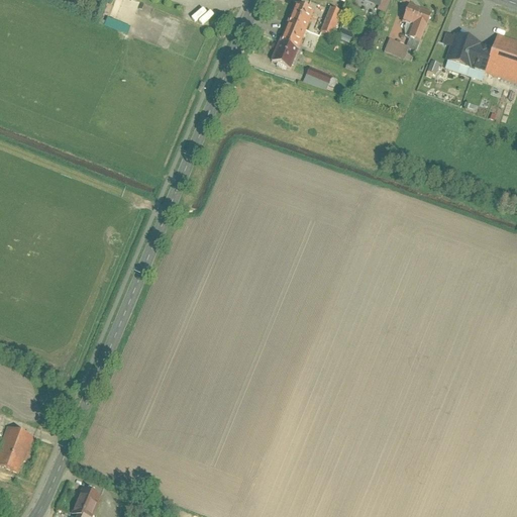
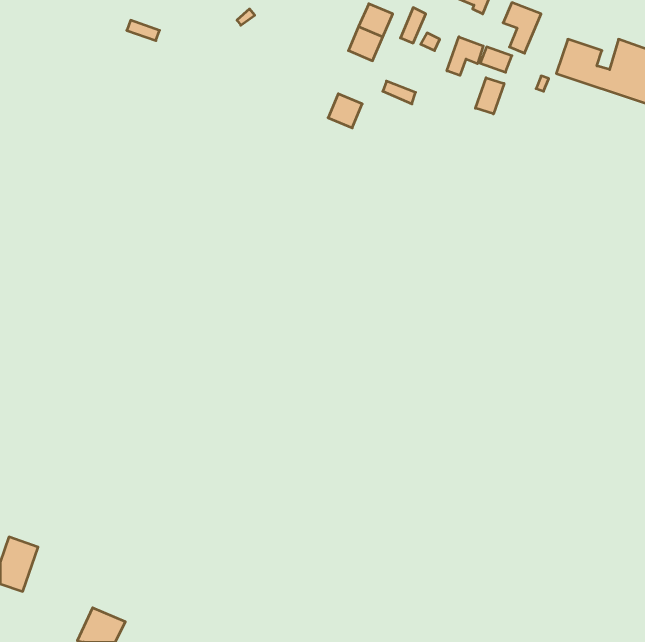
building: none -> [447,37,483,75]
building: [272,40,299,68] -> [328,94,362,128]
building: none -> [475,78,504,114]

